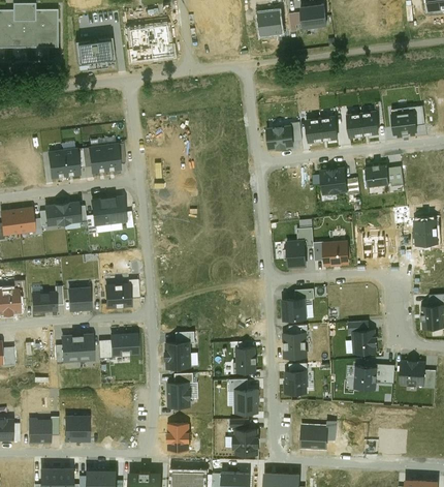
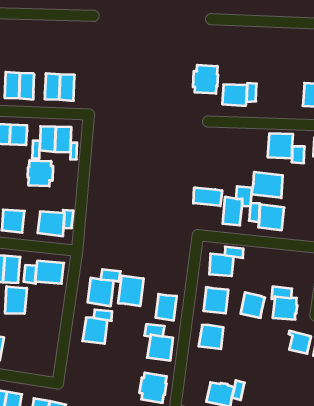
building: none -> [193,65,218,94]
building: [306,117,337,143] -> none
building: none -> [252,172,283,198]
building: none -> [28,160,53,186]
building: none -> [193,188,222,206]
building: none -> [118,276,143,306]
building: none -> [5,286,27,314]
building: [354,366,376,389] -> [241,292,265,318]
building: [167,424,188,451] -> none

